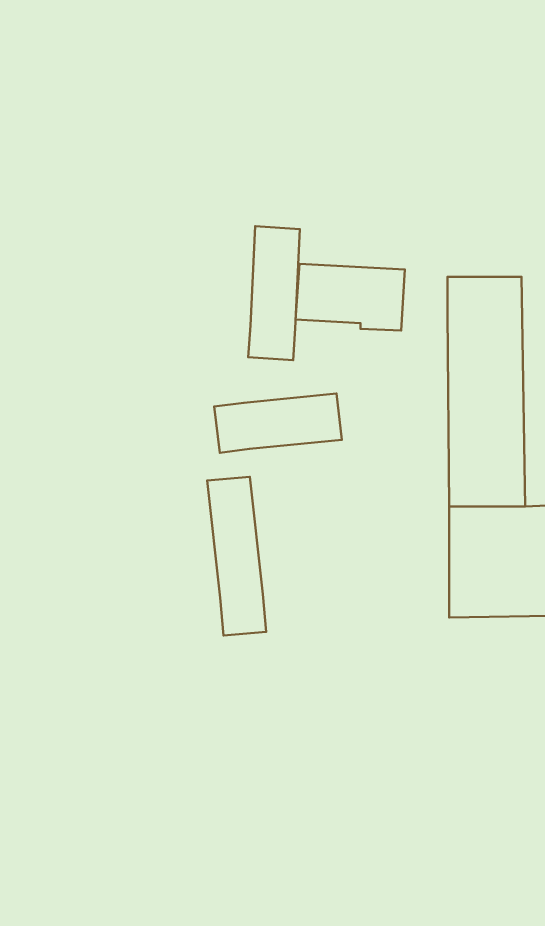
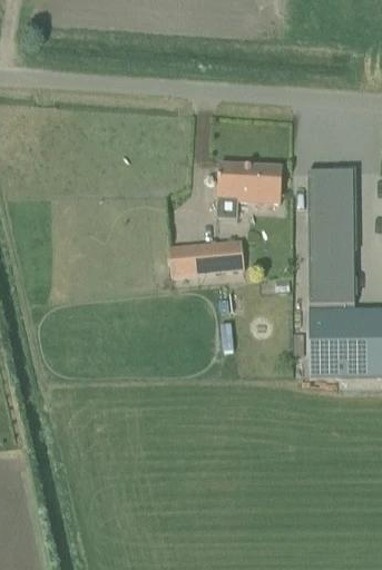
building: [248,226,300,360] -> none
building: [207,477,266,635] -> none

